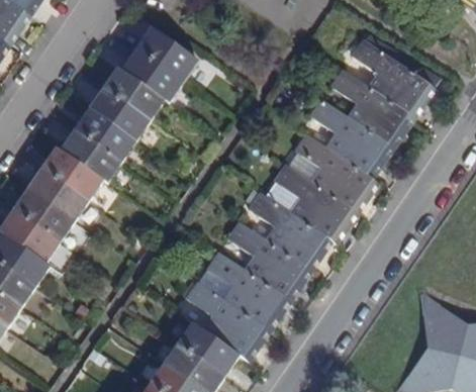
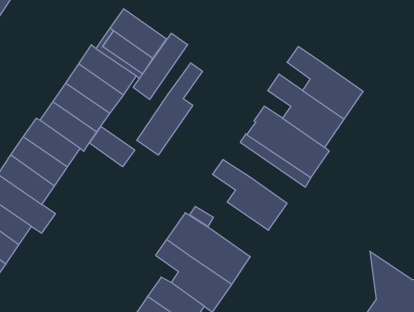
building: [350,39,433,118] -> none
building: none -> [133,33,188,100]
building: none -> [137,63,202,155]
building: none -> [89,126,135,167]
building: [265,174,350,244] -> none
building: [226,221,309,300] -> none

